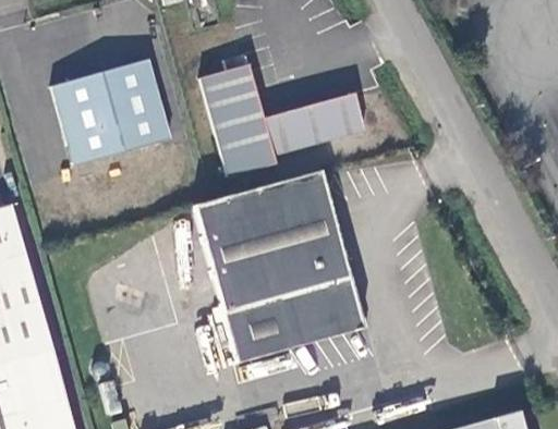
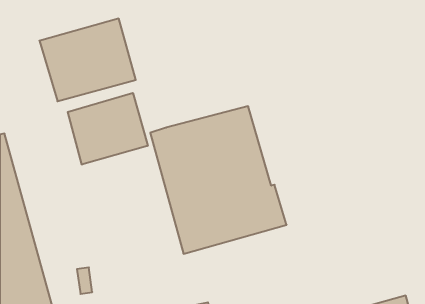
building: [199,65,368,180] -> none
building: none -> [68,93,148,165]

